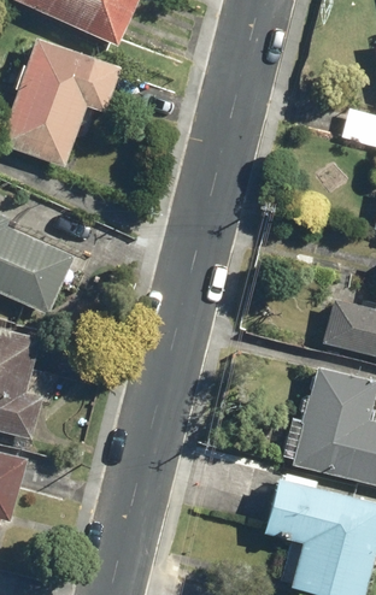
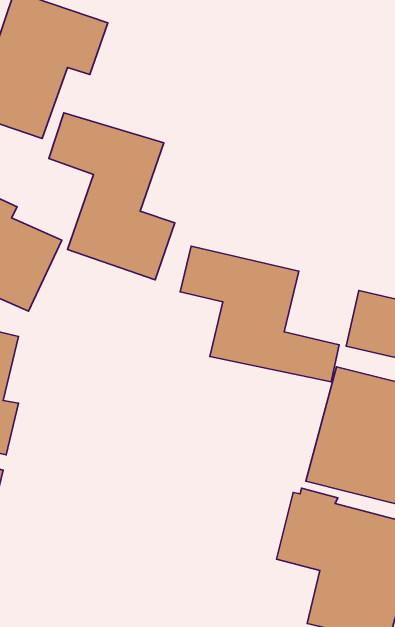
building: none -> [49,113,175,280]
building: none -> [180,246,339,382]

